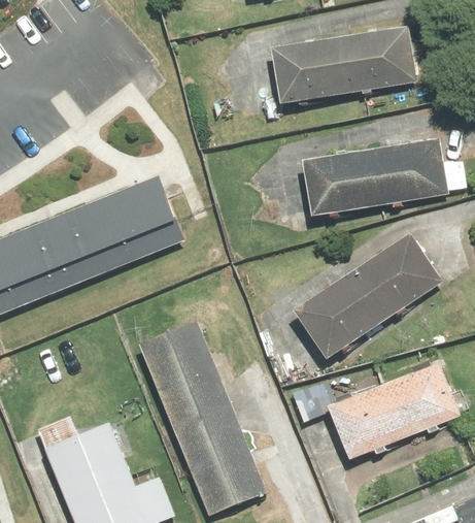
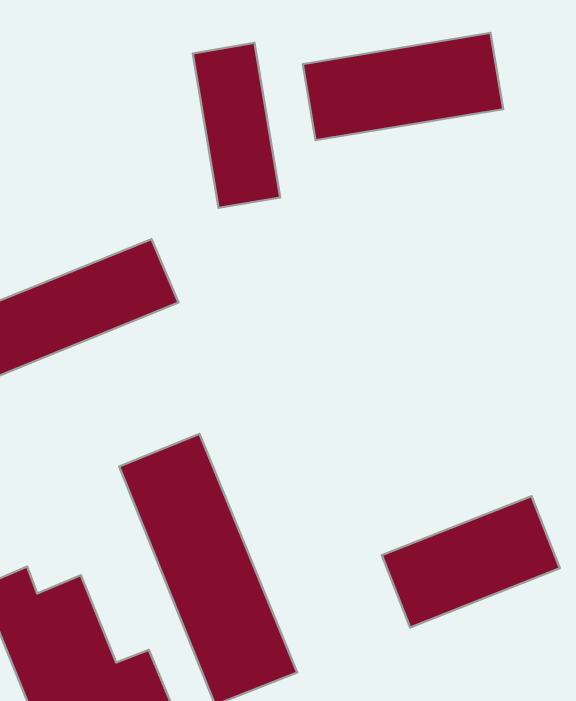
building: none -> [193,43,280,208]
building: [302,138,465,217] -> none
building: [293,231,442,360] -> none

